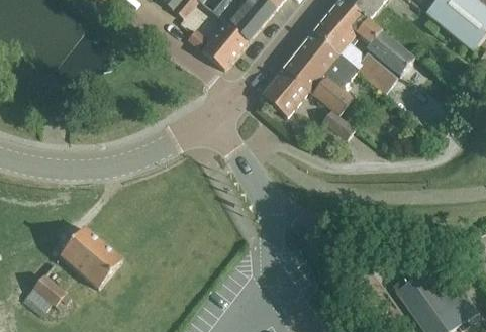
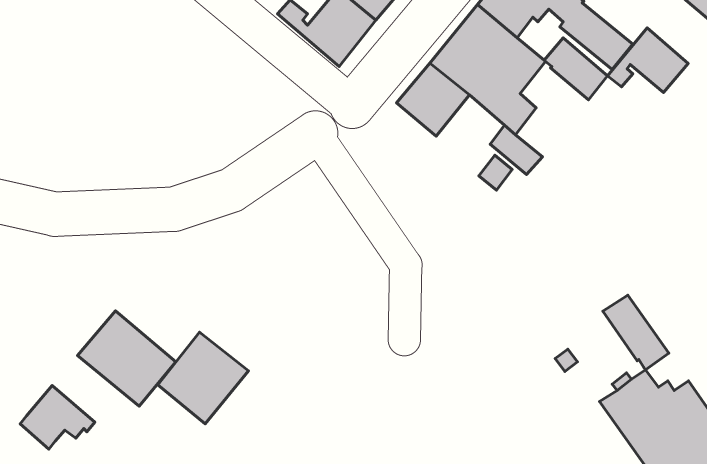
building: none -> [608,28,688,93]
building: none -> [603,295,669,370]
building: none -> [158,332,249,424]

